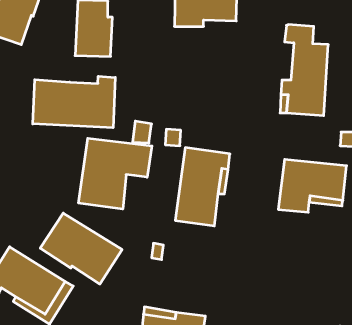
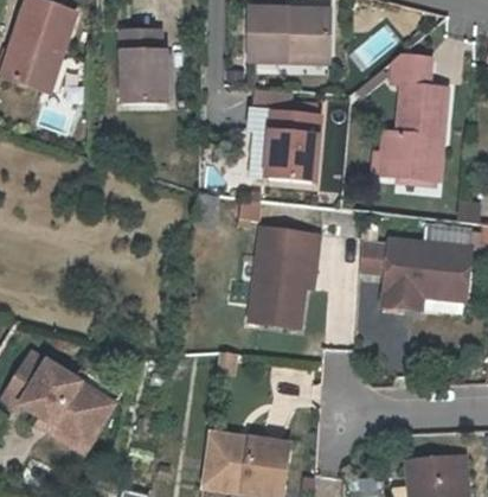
building: none -> [265,114,317,178]
building: [33,76,115,128] -> none
building: [79,138,152,209] -> none
building: [40,213,122,284] -> none

